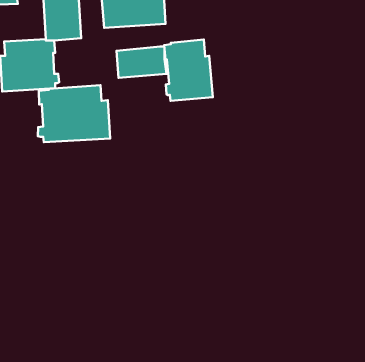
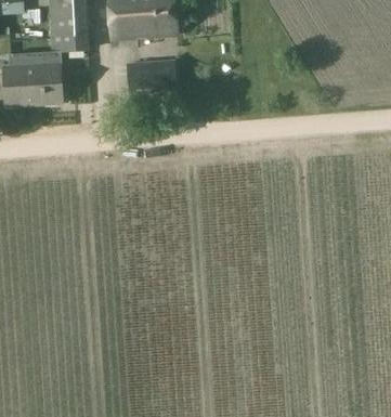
building: [164,40,213,101] -> none
building: [38,85,110,142] -> none

